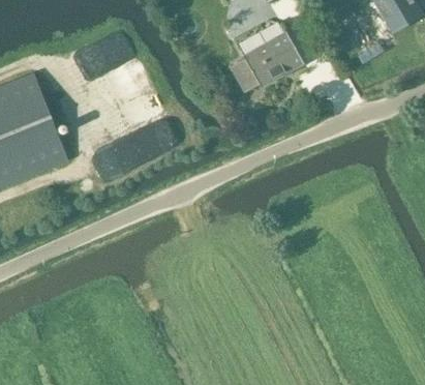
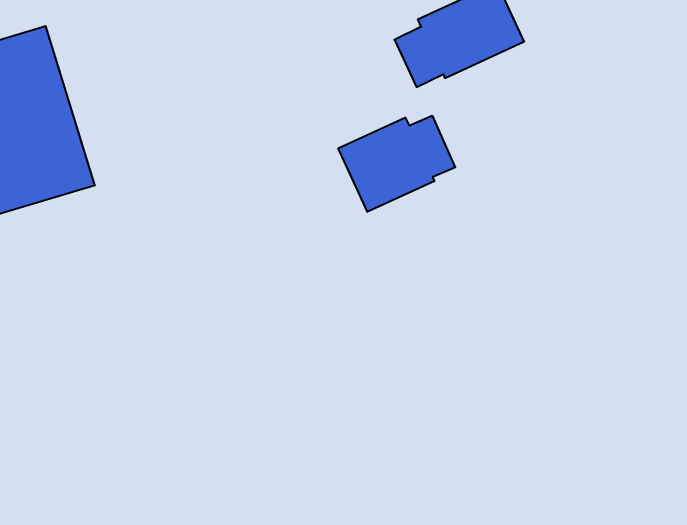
building: none -> [338,116,455,212]

